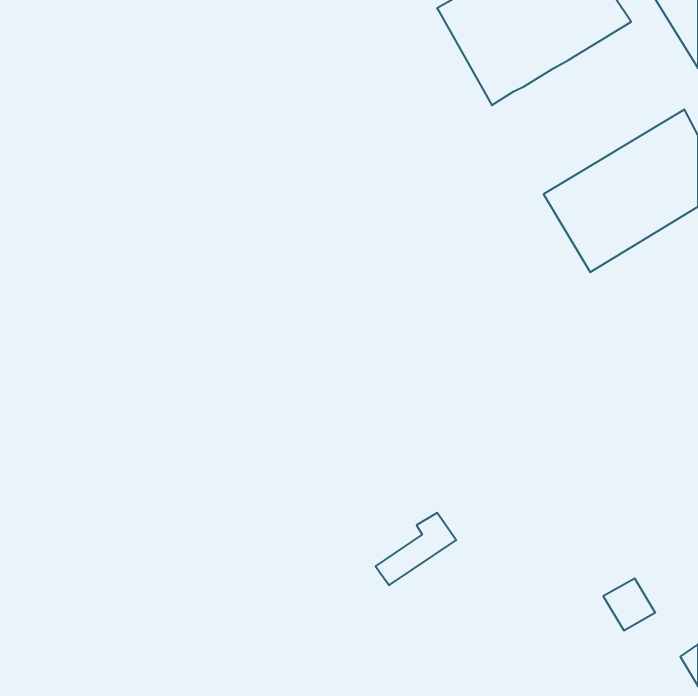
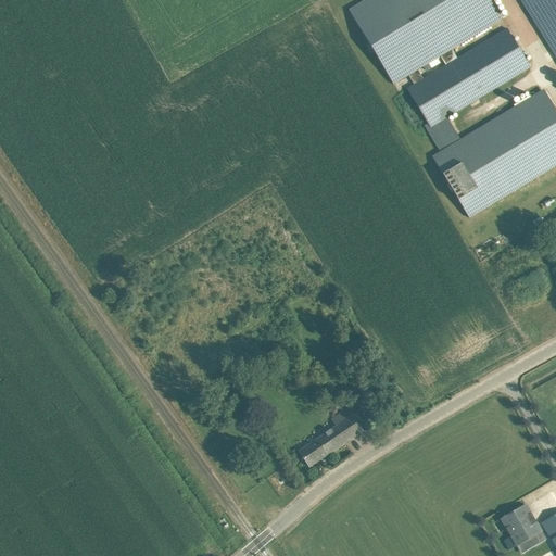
building: none -> [407,27,531,149]
building: [603,578,655,630] -> [501,503,542,544]

